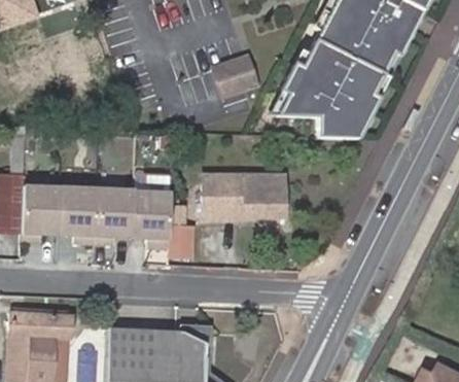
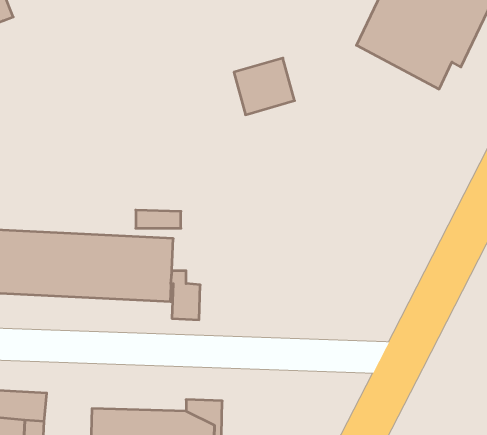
building: [275,37,381,139] -> none
building: [203,175,281,216] -> none

